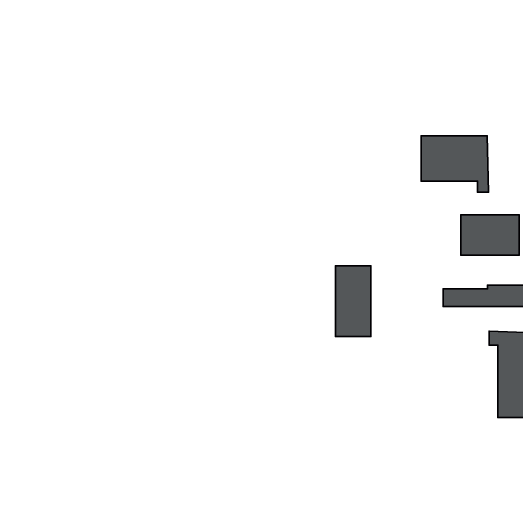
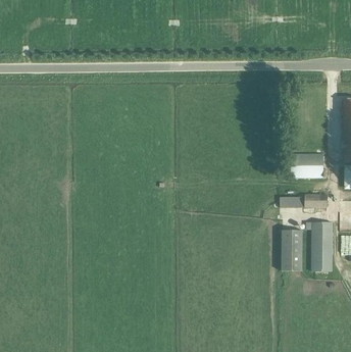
building: [421,136,488,192] -> none
building: [335,266,371,336] -> [281,231,301,271]

